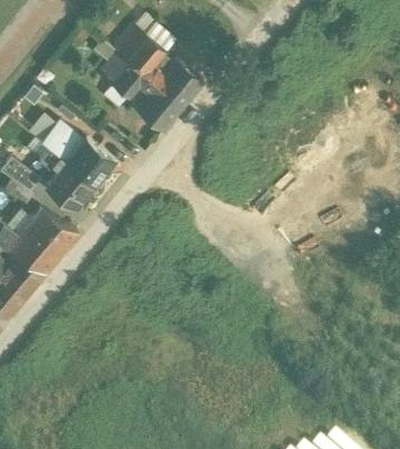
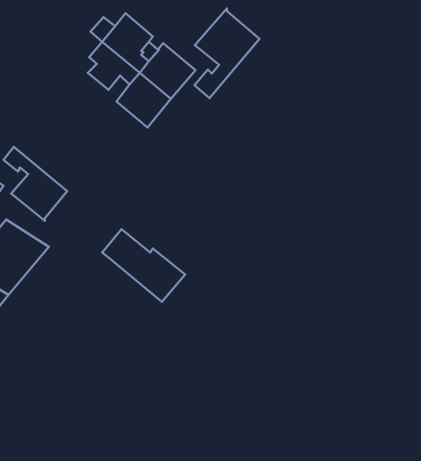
building: none -> [194,8,259,98]
building: [43,122,114,184] -> [102,229,185,302]

